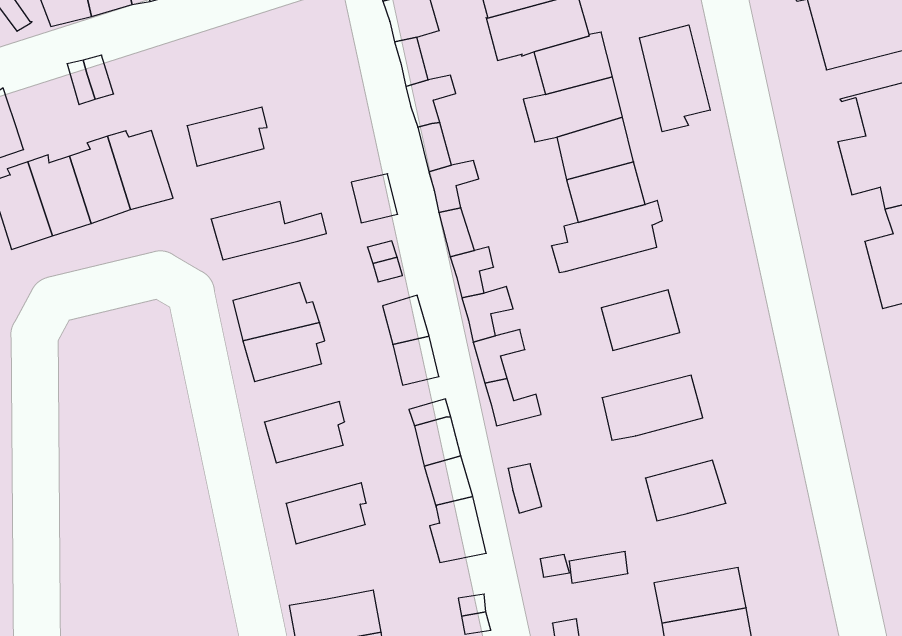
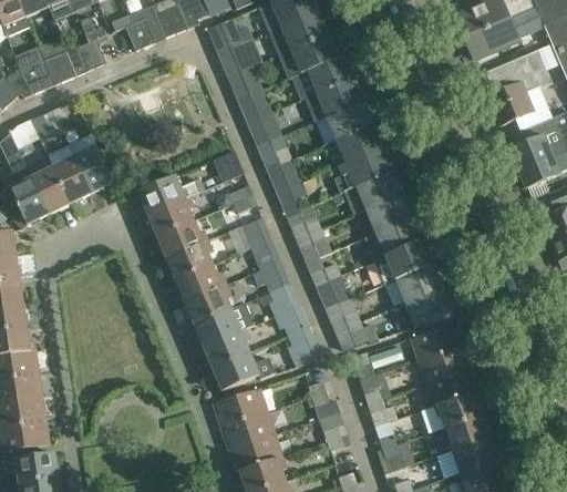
building: [640,25,710,132] -> none
building: [187,107,267,166] -> [147,196,193,235]
building: none -> [342,171,402,215]
building: none -> [363,217,422,260]
building: none -> [175,264,225,301]
building: none -> [316,275,350,308]
building: none -> [395,264,441,303]
building: none -> [194,303,252,346]
building: none -> [336,321,377,350]
building: none -> [212,351,274,390]
building: none -> [410,322,464,361]

